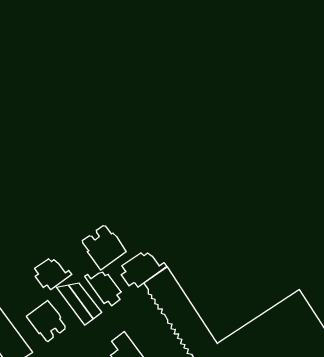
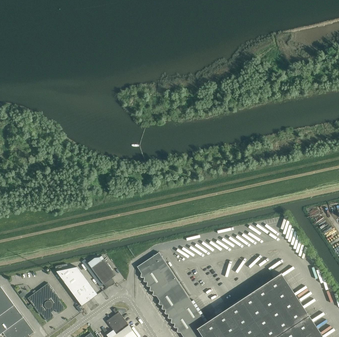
building: [83,226,126,270] -> none
building: [121,253,167,287] -> none
building: [35,259,72,290] -> none

